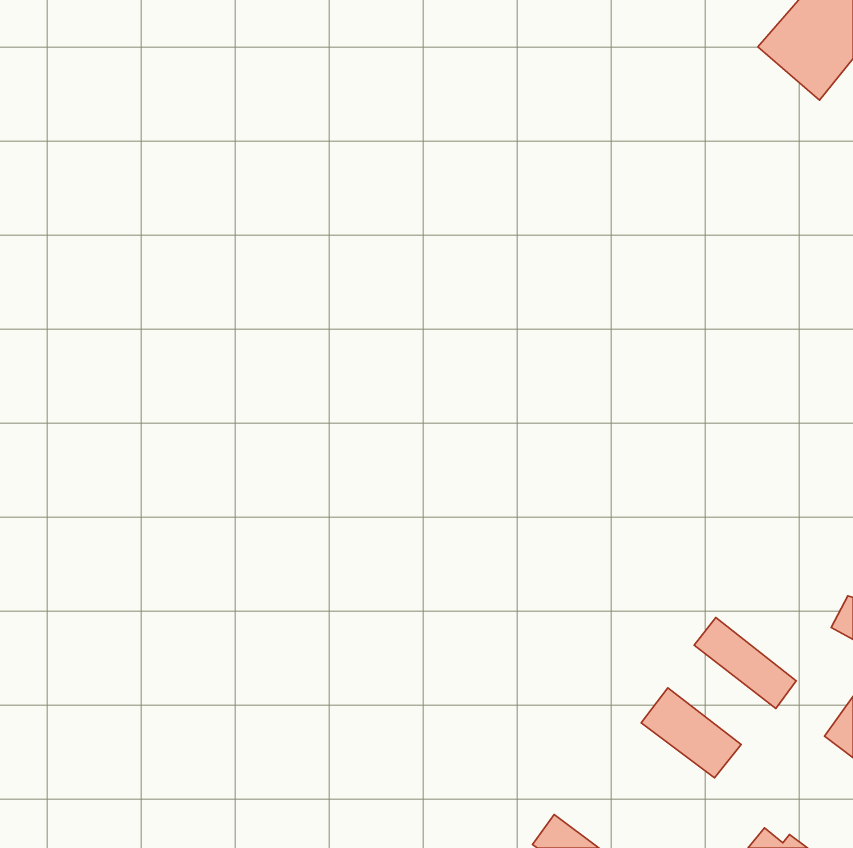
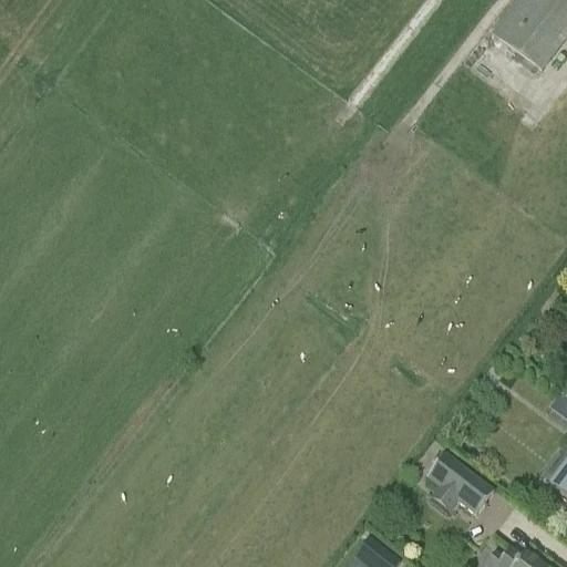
building: [694,618,796,708] -> none

